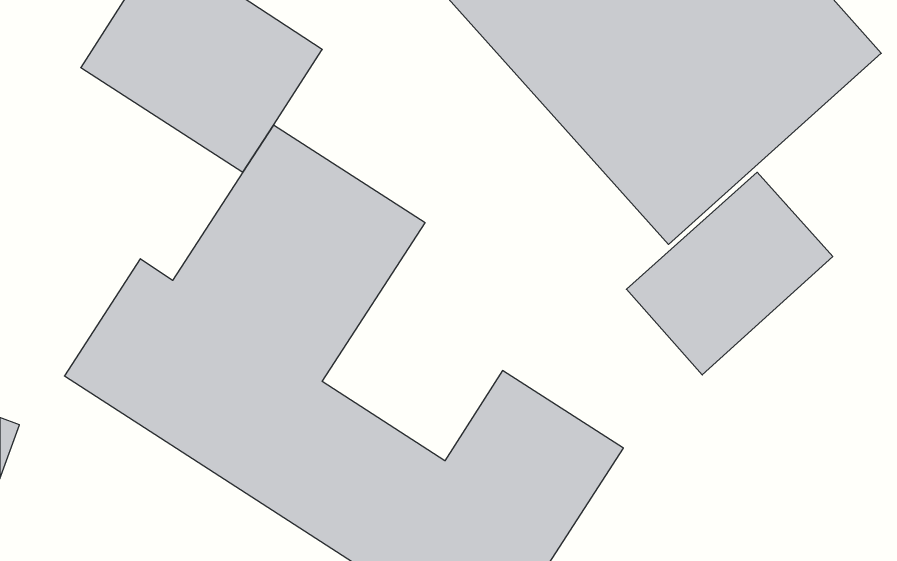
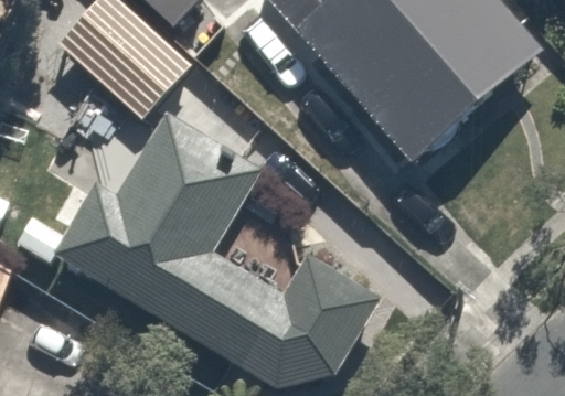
building: [626,172,833,375] -> none

